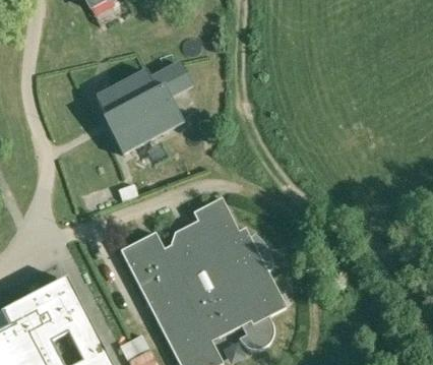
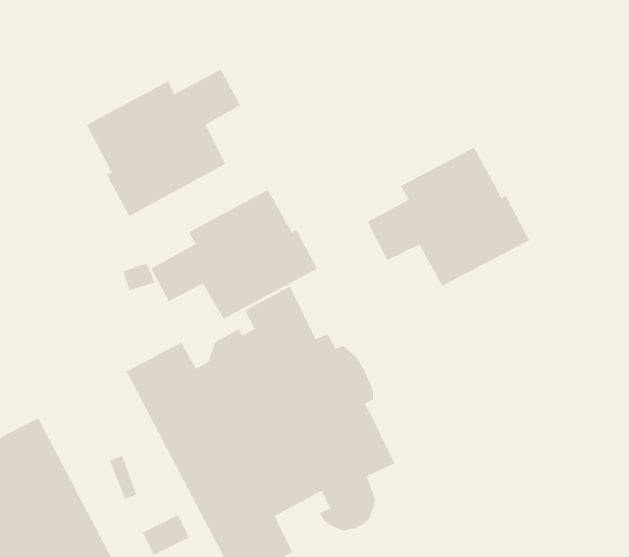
building: none -> [367,147,530,286]
building: none -> [151,189,318,320]

